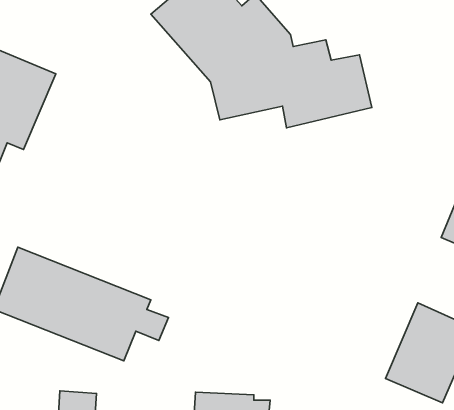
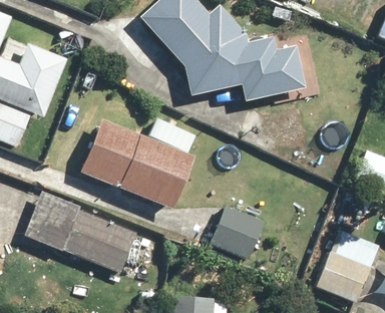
building: none -> [81,116,196,208]
building: none -> [211,206,263,260]

